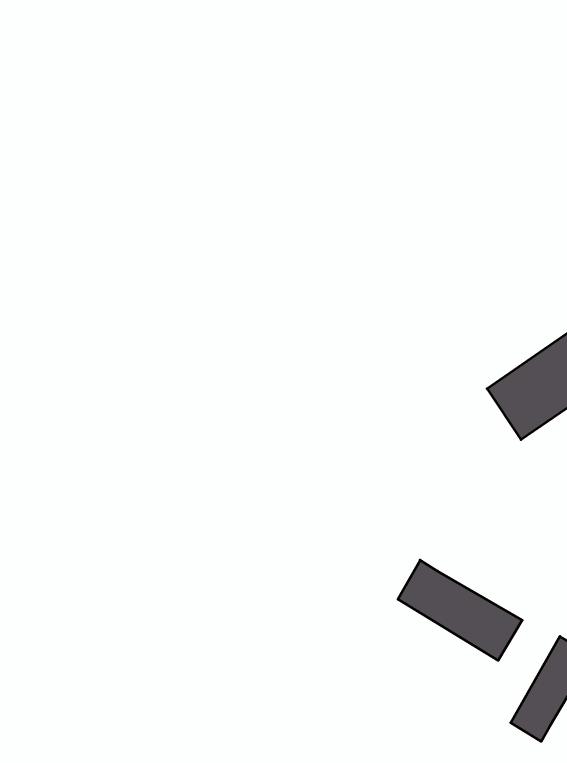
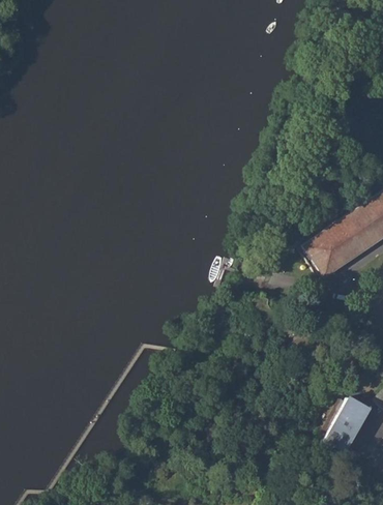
building: [398,560,522,660] -> none

